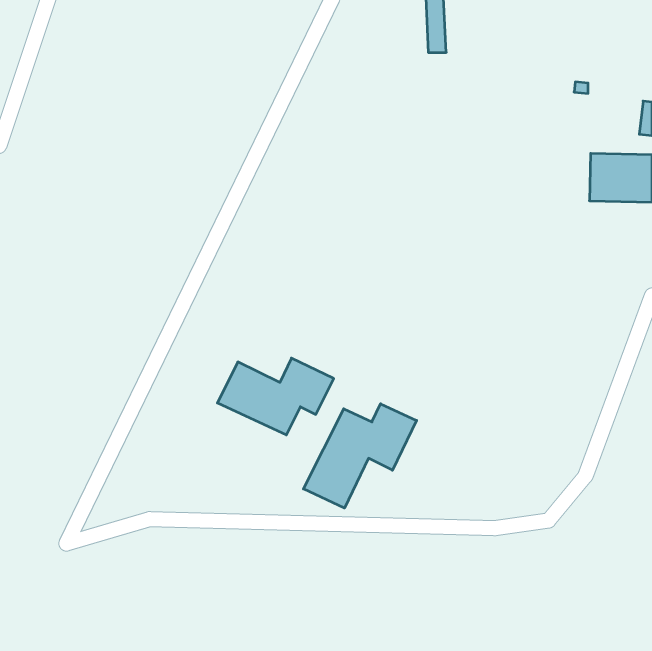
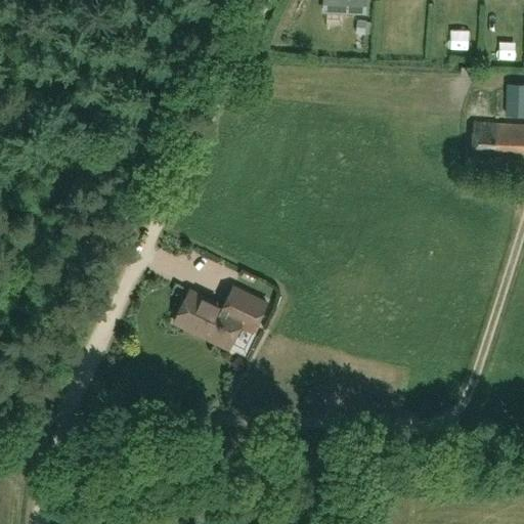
building: [303,404,417,508] -> none

